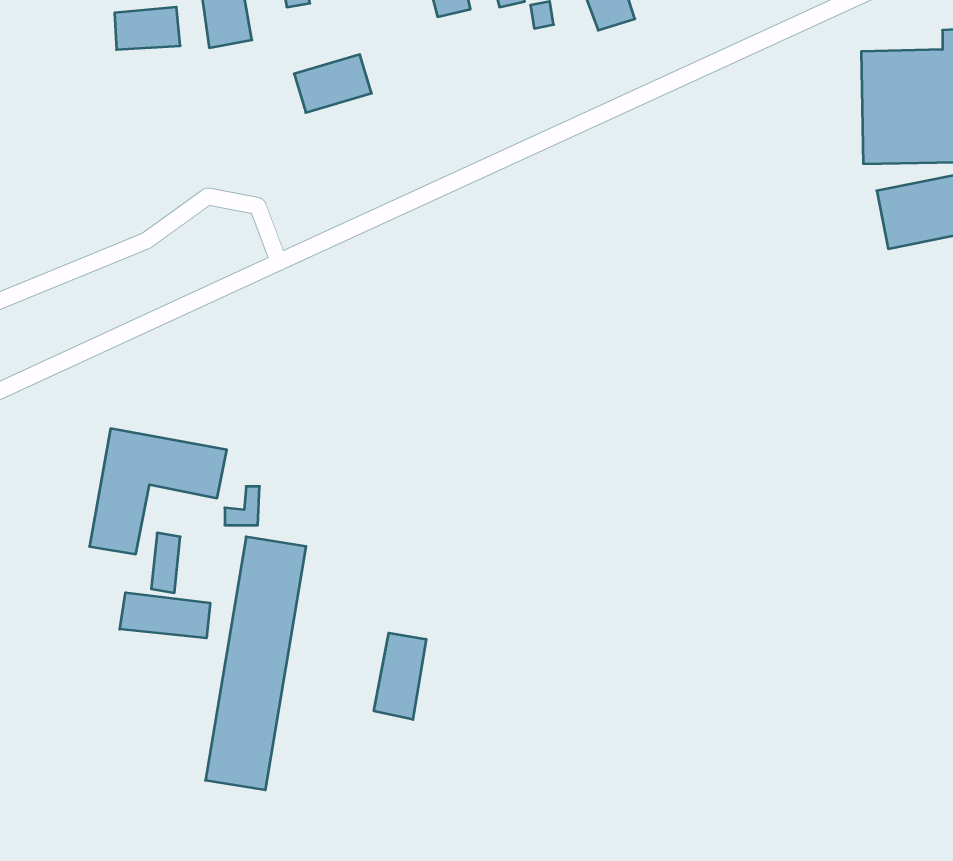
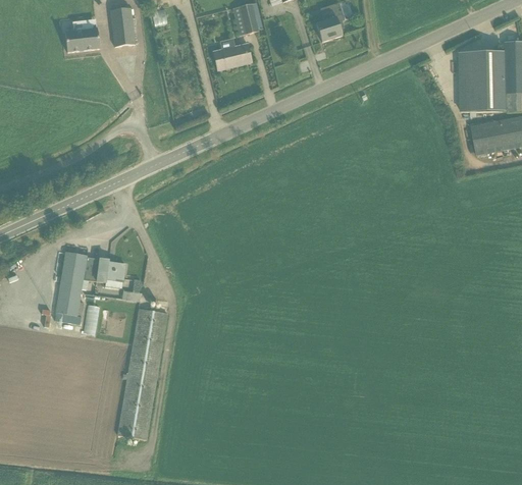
building: [294,55,372,113] -> [212,40,253,70]
building: [120,593,210,638] -> none
building: [374,633,426,720] -> none

